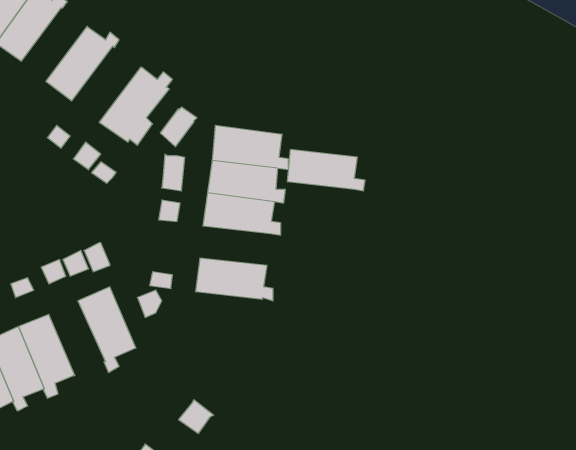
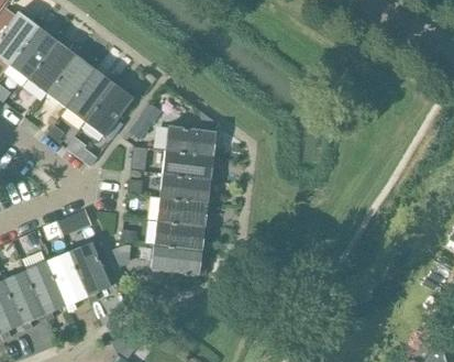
building: none -> [27,40,80,92]
building: none -> [64,67,118,122]
building: [287,150,365,191] -> [156,197,212,227]
building: none -> [148,244,207,281]
building: none -> [47,251,88,311]

